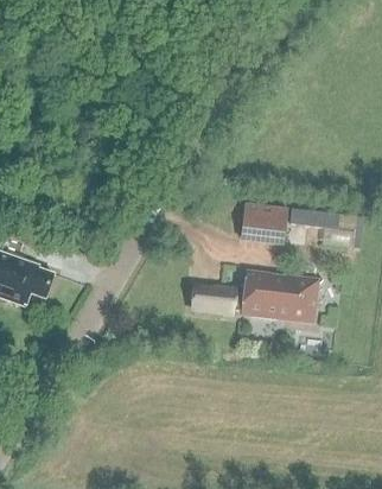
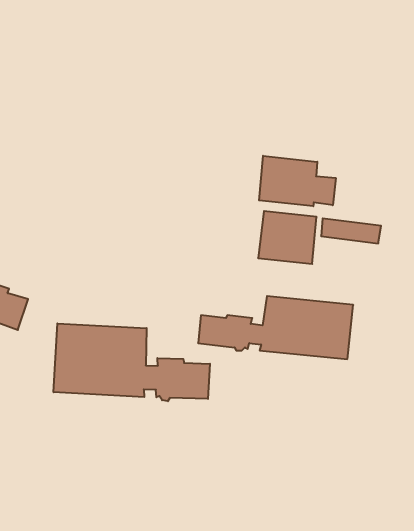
building: none -> [259,156,336,206]
building: none -> [54,323,210,401]

